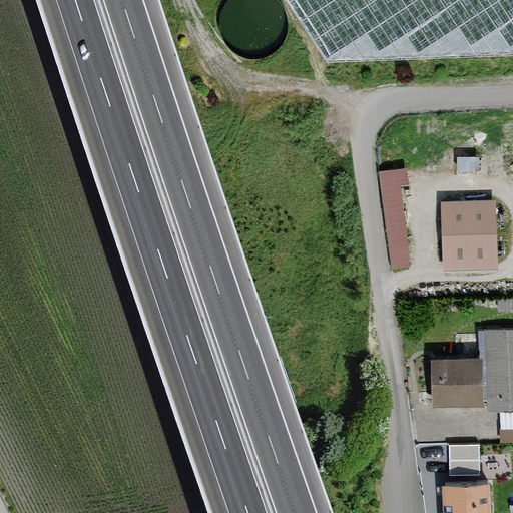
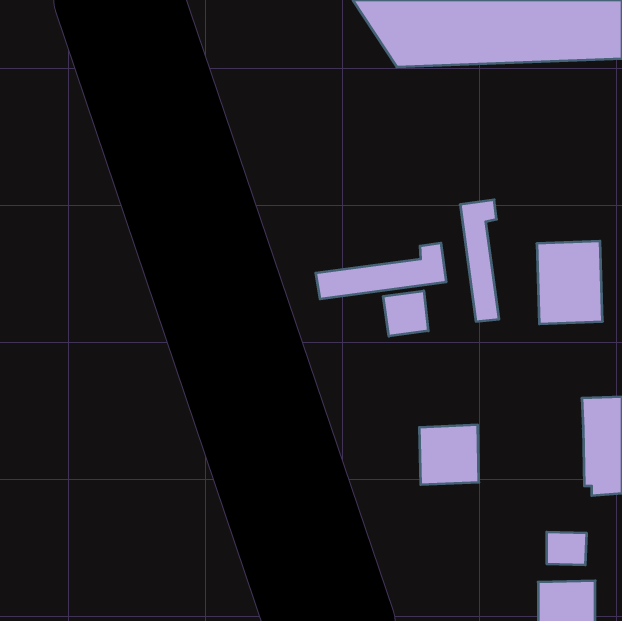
building: none -> [316,243,446,299]
building: none -> [383,291,428,336]
building: [432,354,481,403] -> [419,425,479,485]

